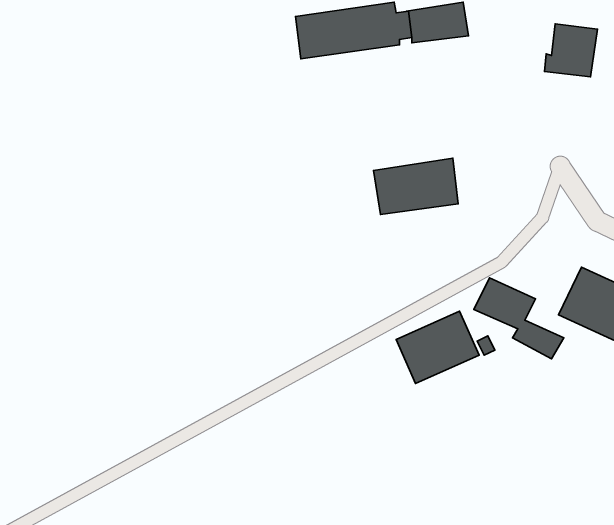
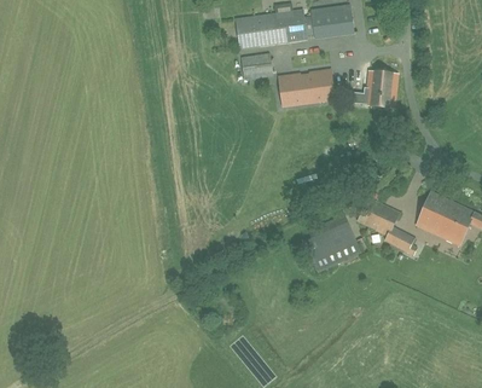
building: [545,24,597,77] -> [361,70,397,106]
building: none -> [240,52,272,77]
building: [373,158,458,215] -> [277,66,335,105]

